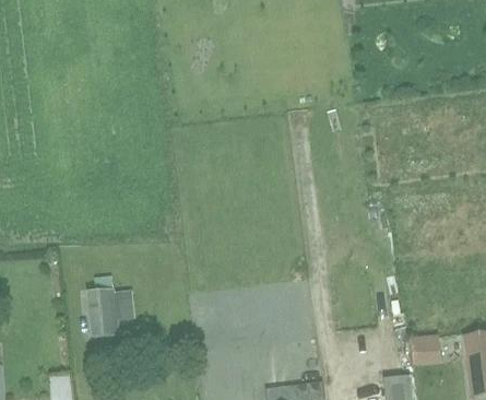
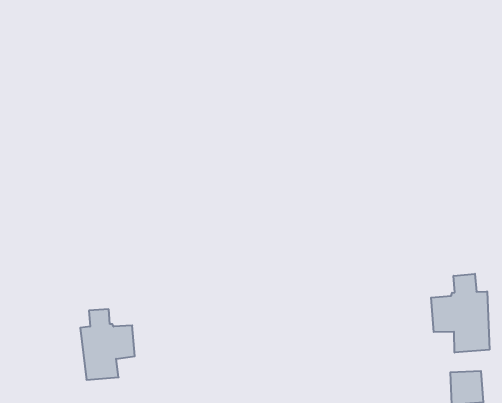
building: none -> [431,274,489,353]

